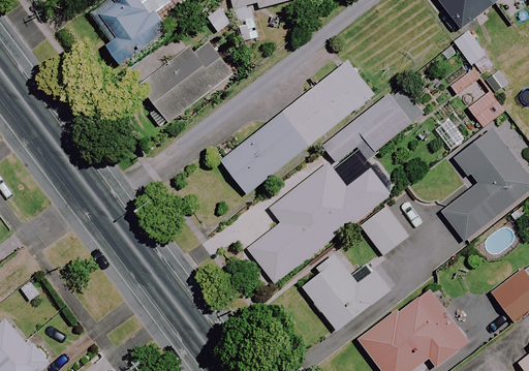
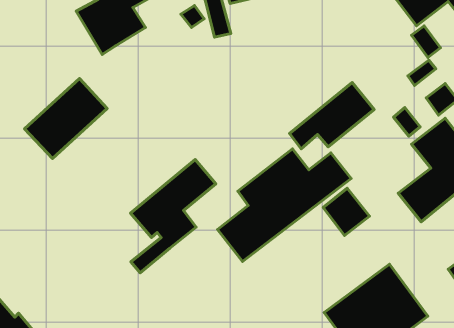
building: [138,34,227,120] -> [25,79,107,158]
building: [221,59,373,194] -> none
building: none -> [131,160,216,273]
building: [305,249,395,330] -> none

